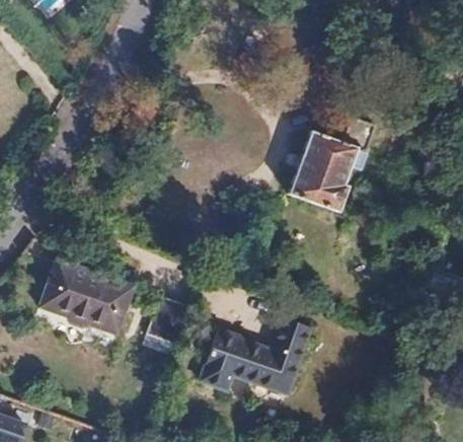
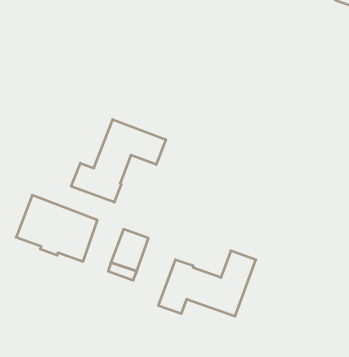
building: [289,120,376,213] -> none
building: none -> [71,119,166,202]

